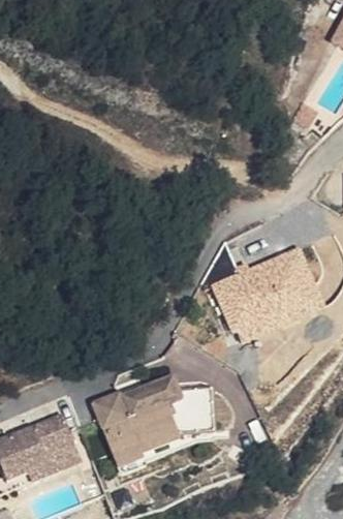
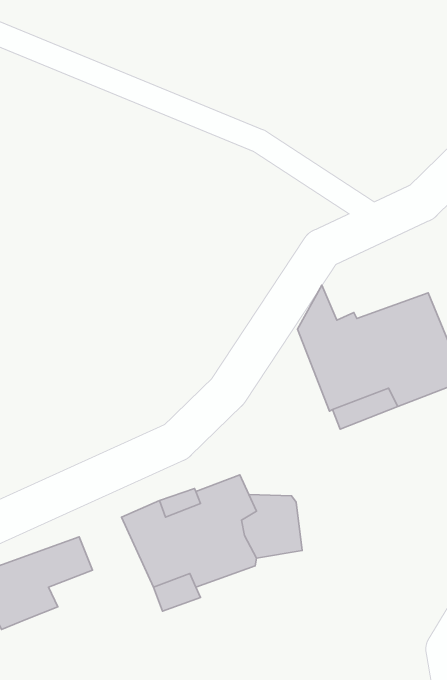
building: [27,439,80,482] -> none

